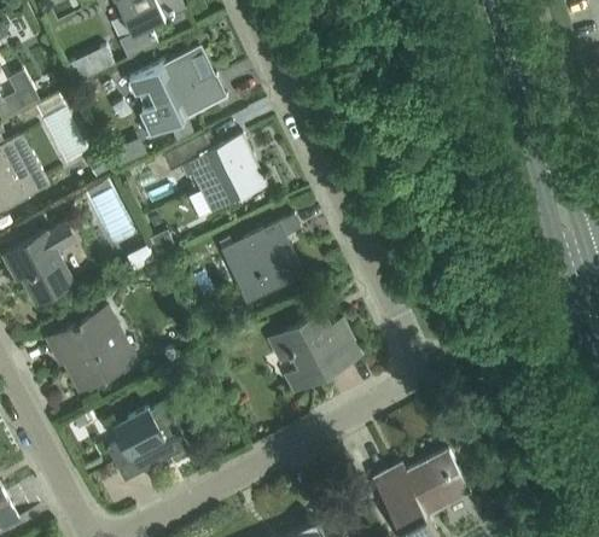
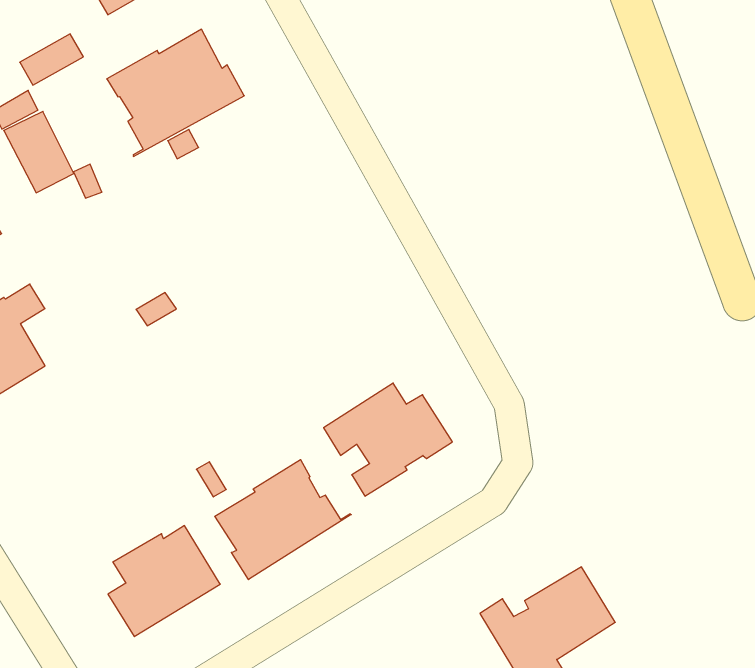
building: [162,133,268,212] -> none
building: [221,216,302,303] -> none
building: [46,309,126,389] -> none
building: none -> [215,460,351,580]

